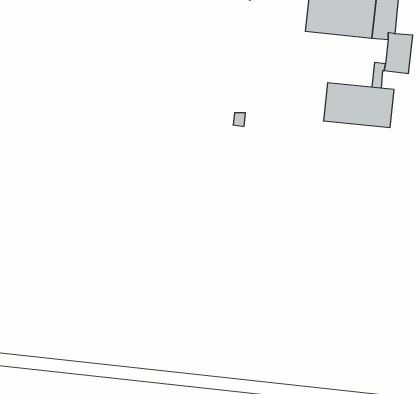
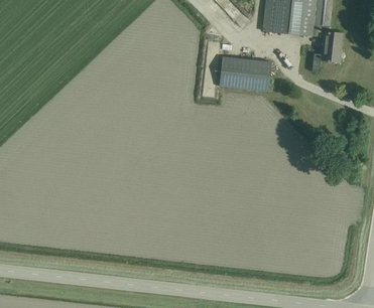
building: [323,83,394,128] -> [219,57,271,91]

